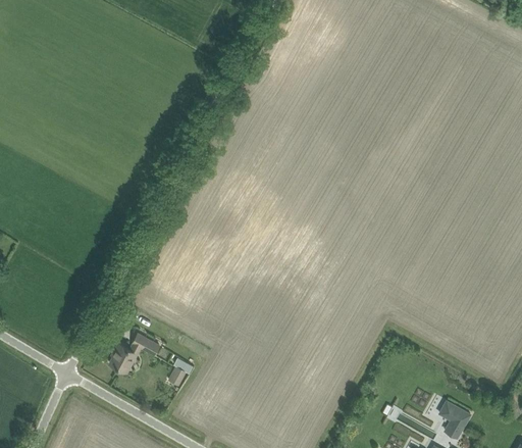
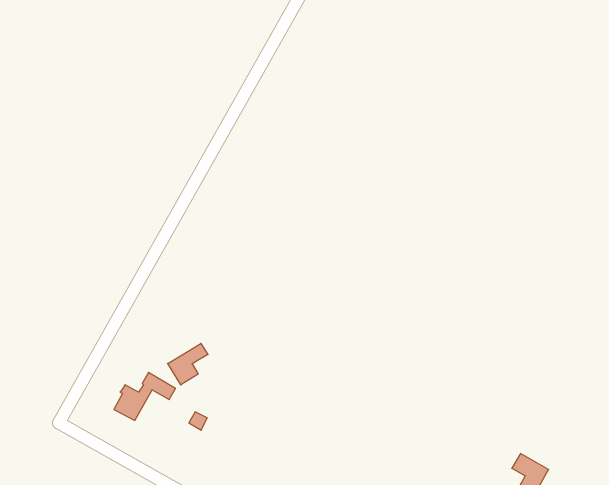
building: none -> [168,343,208,385]

